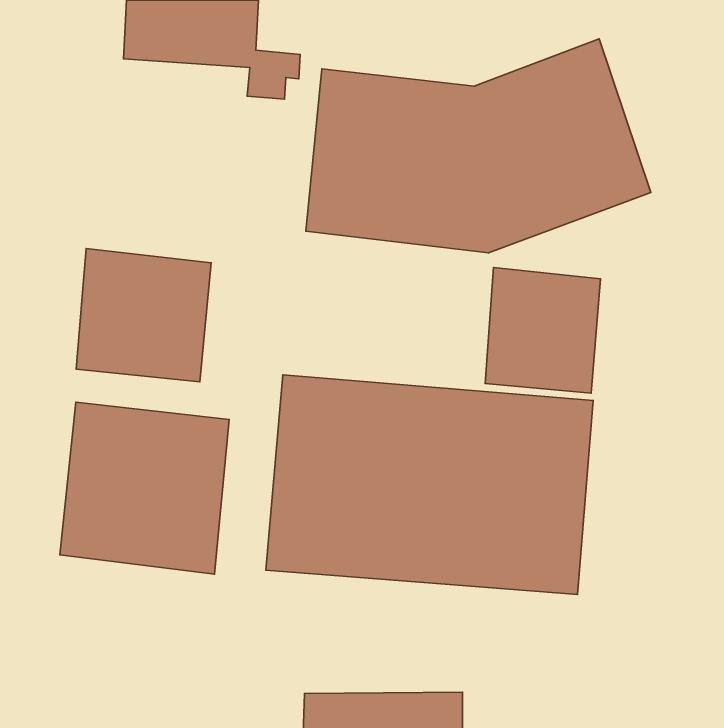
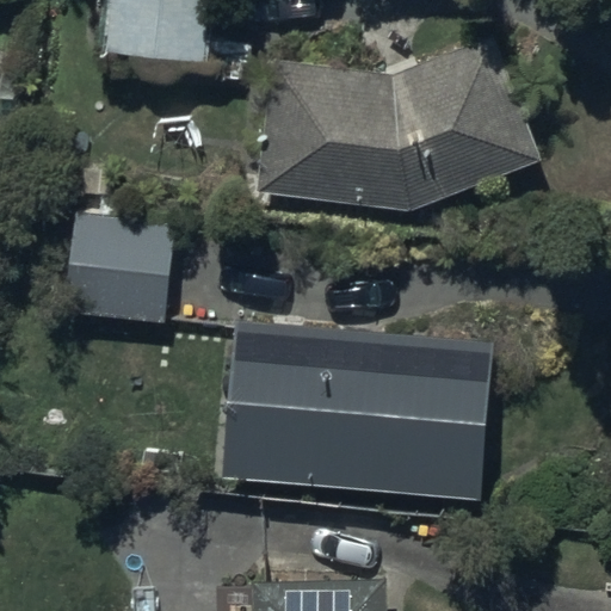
building: [485,268,601,393] -> none
building: [60,402,229,574] -> none

